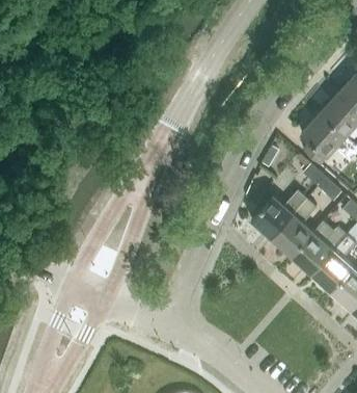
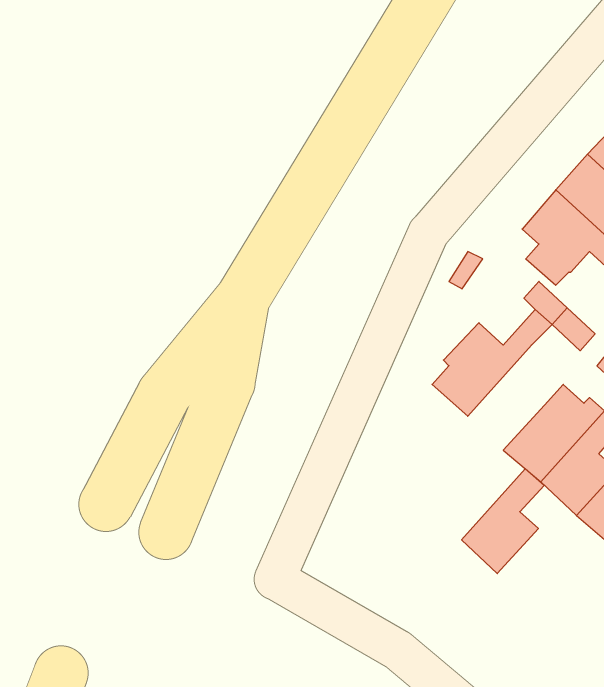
building: [271,199,317,257] -> [462,469,544,574]

